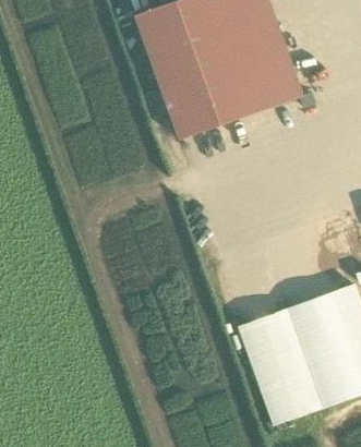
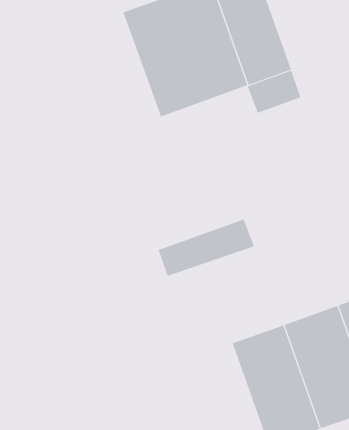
building: [170,84,262,138] -> [158,219,255,276]

